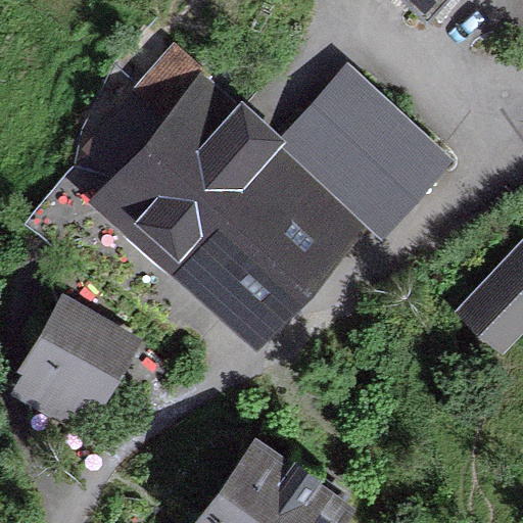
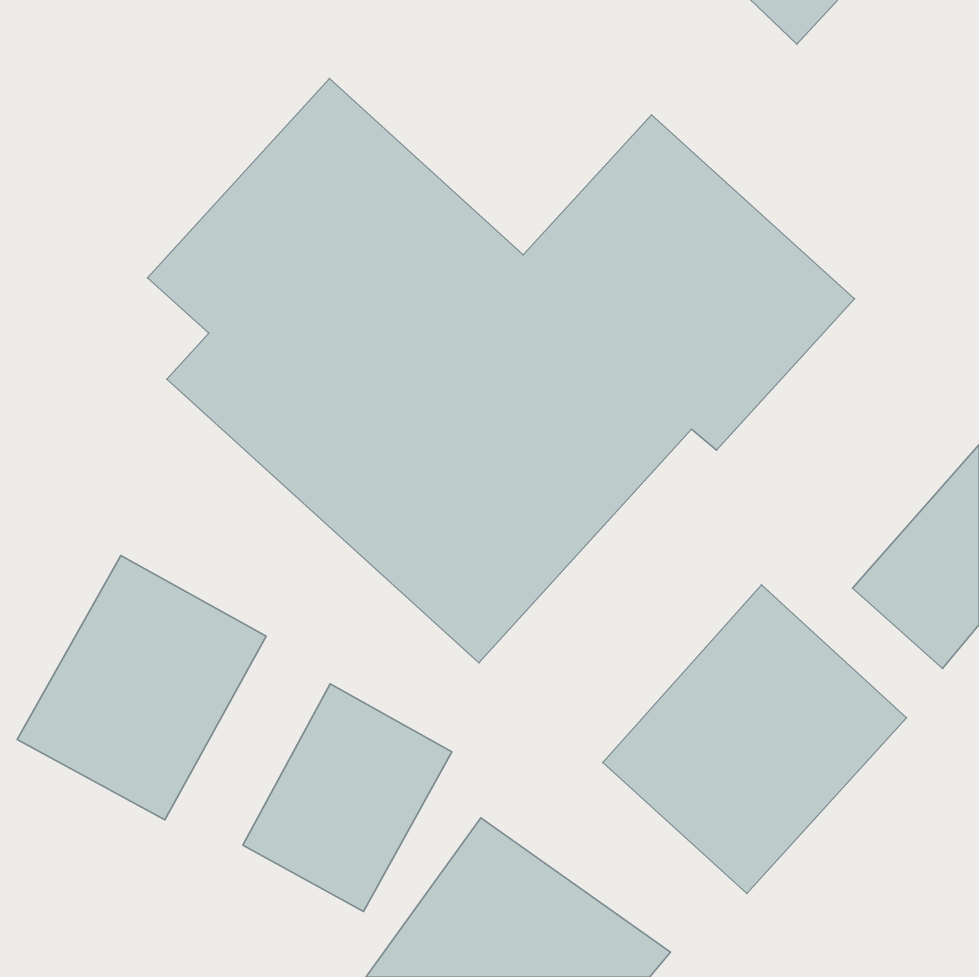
building: none -> [603,585,906,893]
building: none -> [243,684,452,912]

